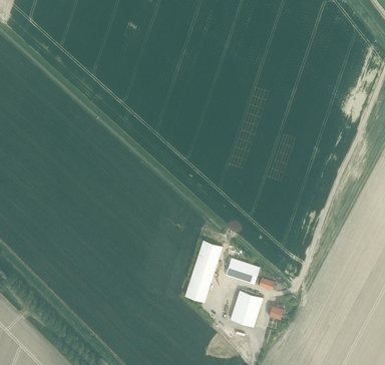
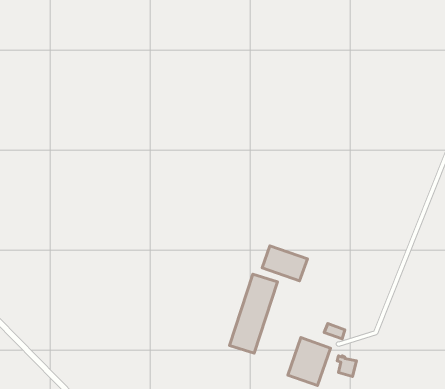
building: [225,258,260,285] -> [262,246,307,281]

